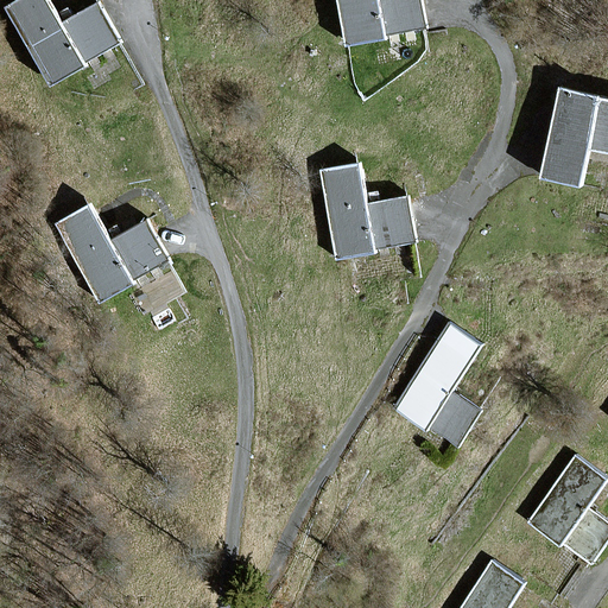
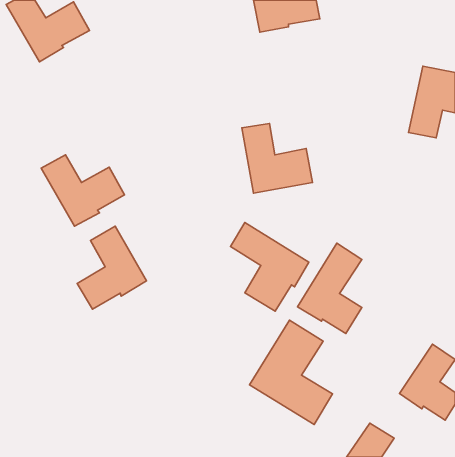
building: none -> [230,223,309,311]
building: none -> [77,226,146,309]
building: none -> [250,320,333,425]

